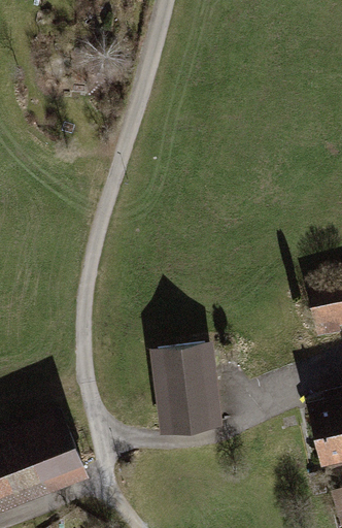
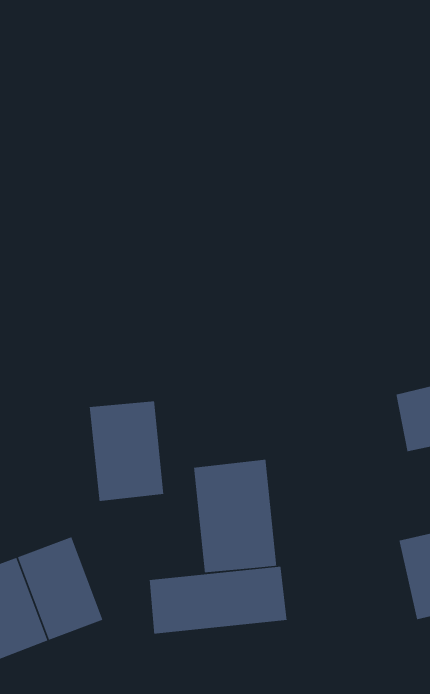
building: none -> [89,401,164,502]
building: none -> [149,566,288,634]

